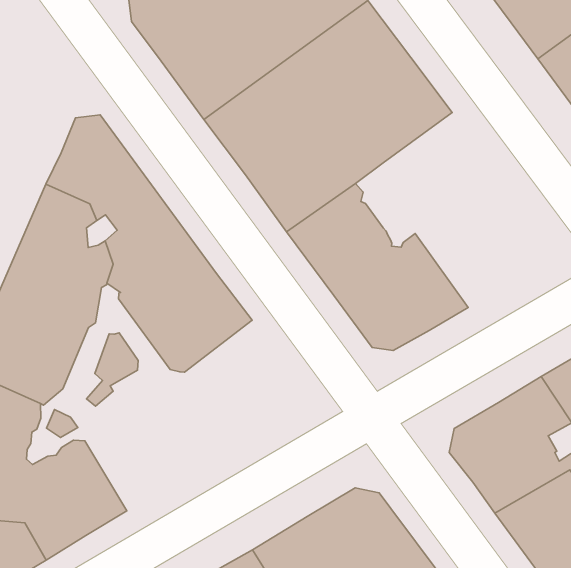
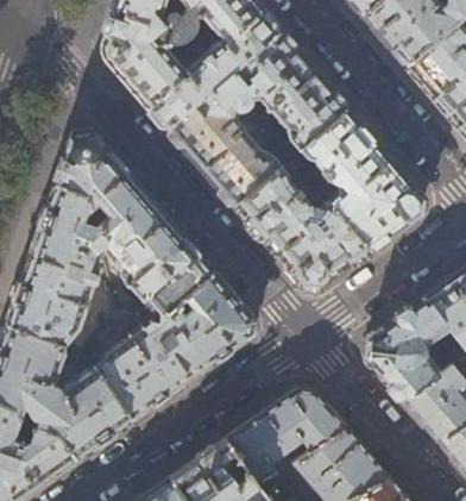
building: none -> [298,111,422,252]
building: none -> [96,274,251,420]

